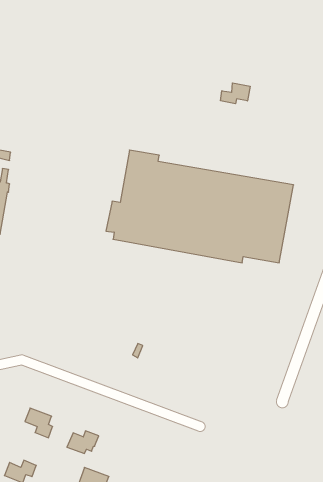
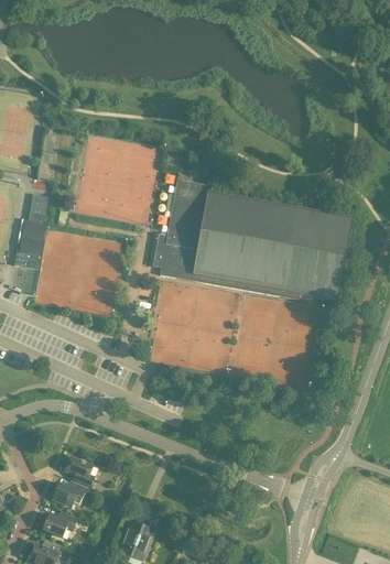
building: [221,83,250,104] -> none
building: [67,431,99,453] -> [51,479,85,503]

